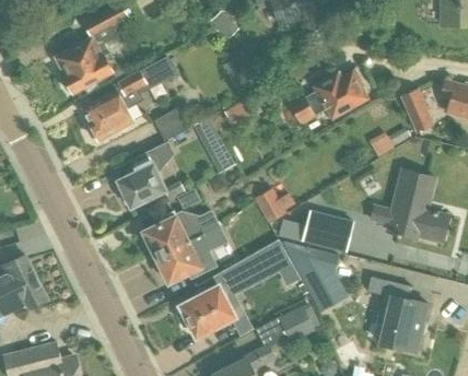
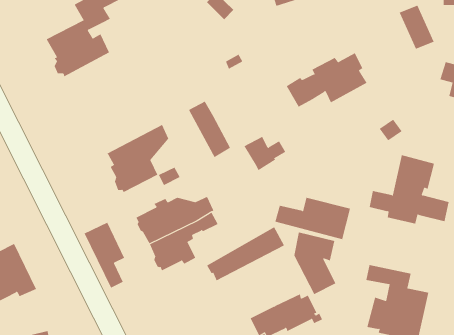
building: [81,55,177,140] -> none
building: [399,89,434,132] -> [399,5,435,50]
building: [153,107,188,141] -> none
building: [254,188,295,222] -> [244,136,286,171]
building: none -> [84,222,125,289]
building: [177,285,234,338] -> none

